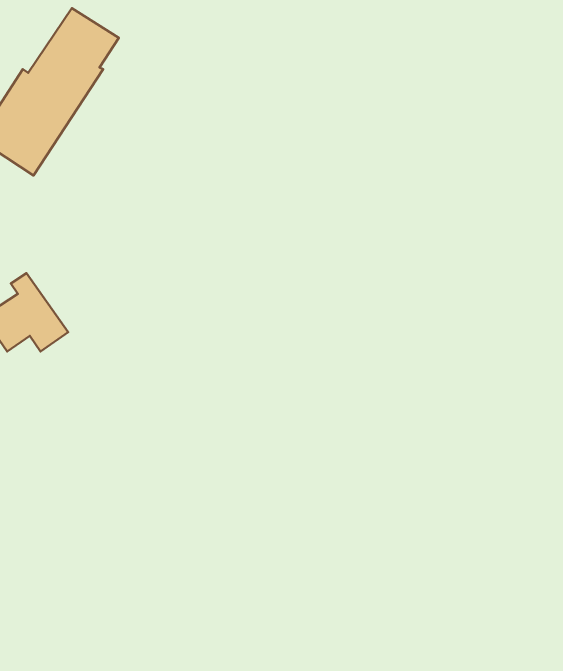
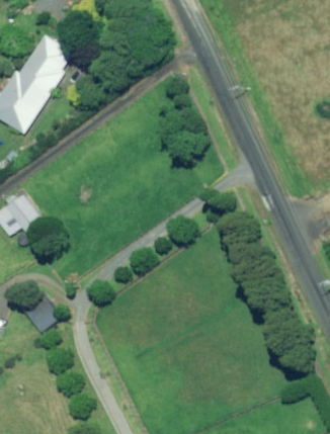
building: none -> [24,296,59,332]

